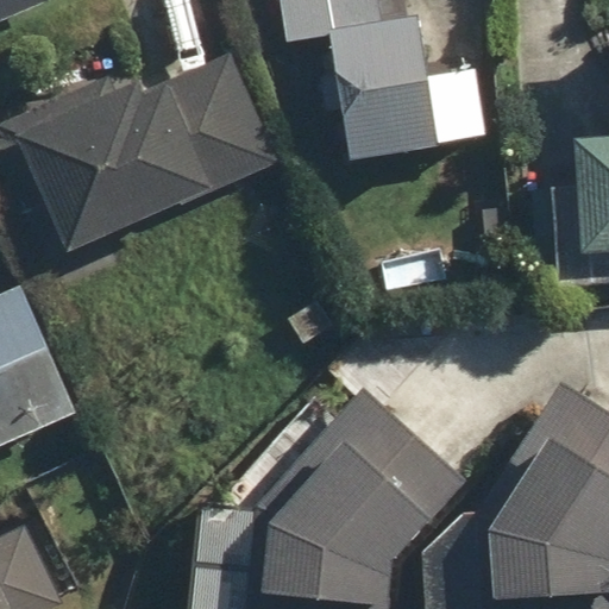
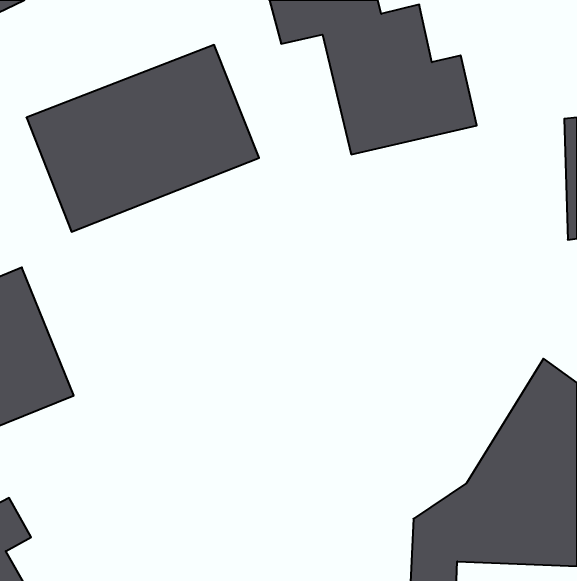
building: [265,382,453,599] -> none

